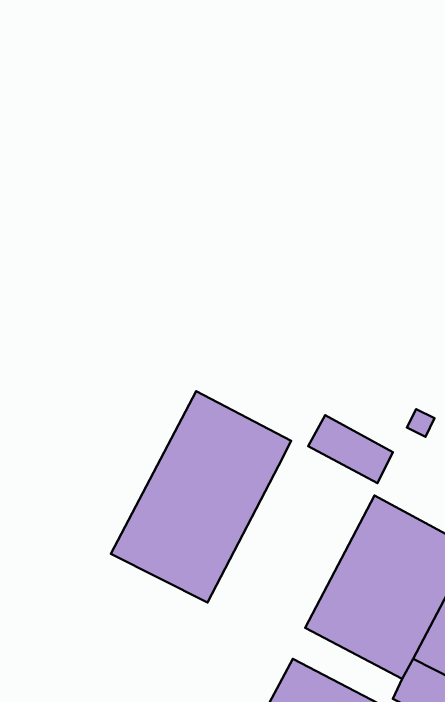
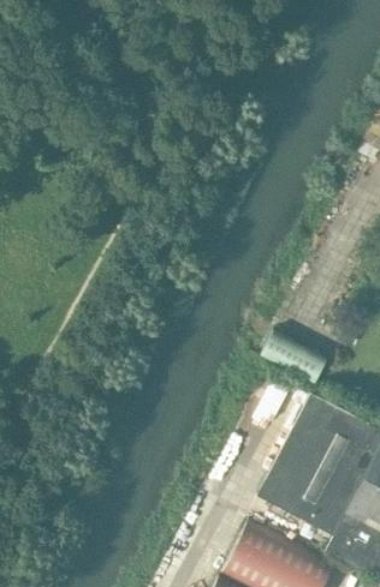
building: [111,391,291,602] -> none

